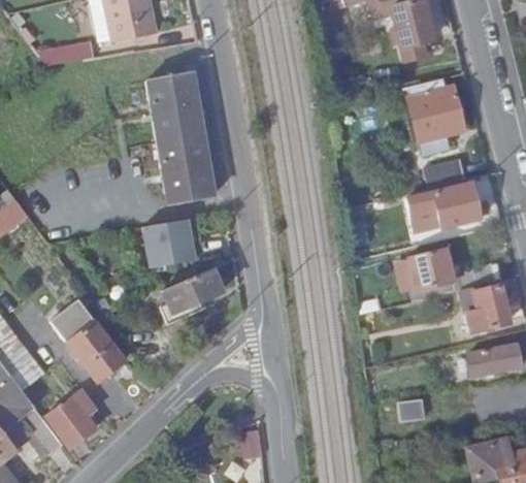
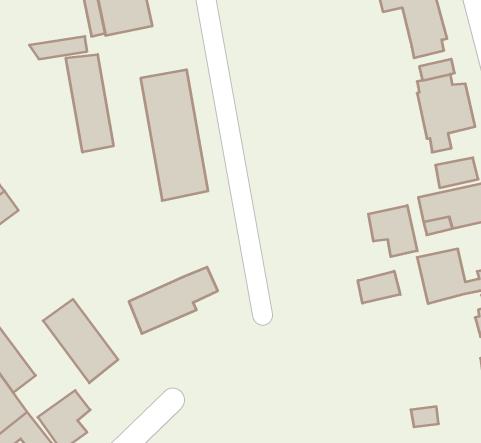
building: none -> [66,54,113,152]
building: none -> [368,205,417,257]
building: [142,218,195,267] -> none
building: none -> [358,271,400,303]

